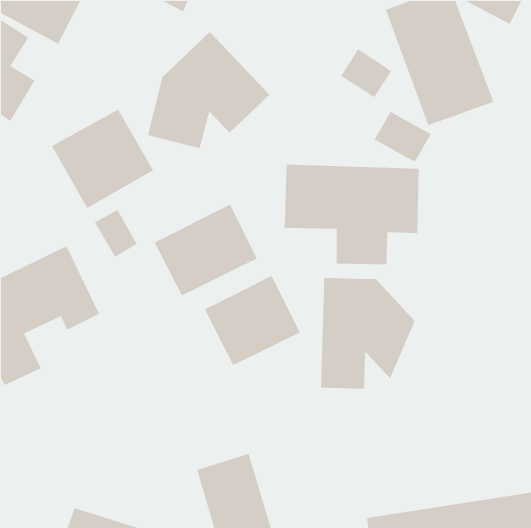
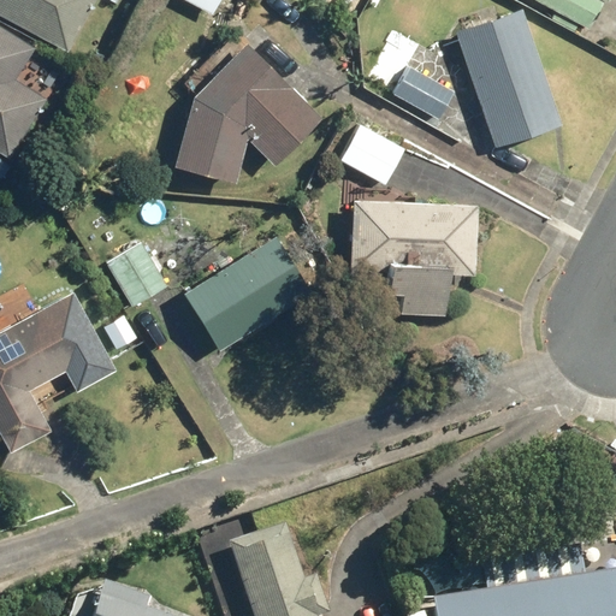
building: [51,108,154,209] -> none
building: [374,111,432,163] -> [338,124,405,184]
building: [204,275,301,366] -> none
building: [320,277,416,390] -> none

